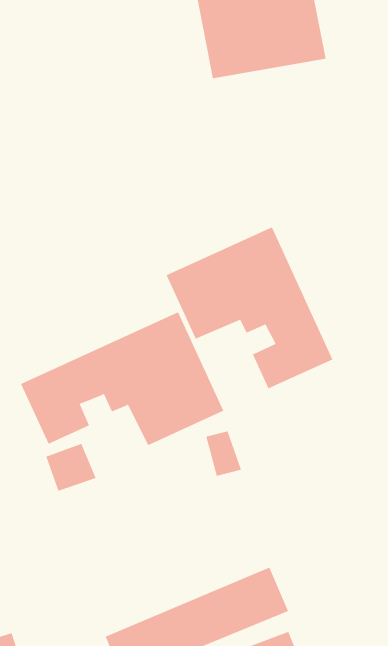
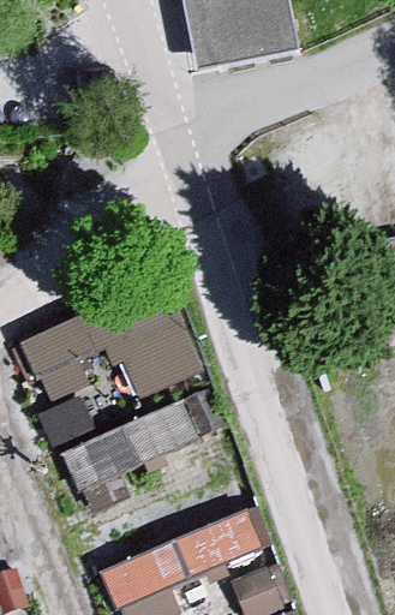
building: [166,226,333,389] -> none
building: none -> [54,399,198,512]

